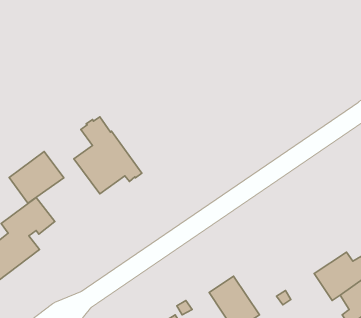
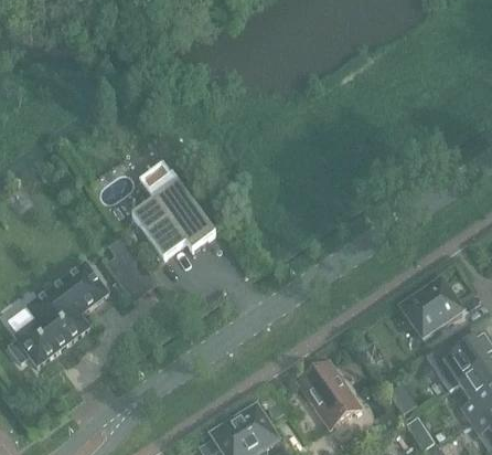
building: [9,151,64,203] -> none
building: none -> [402,278,461,336]

